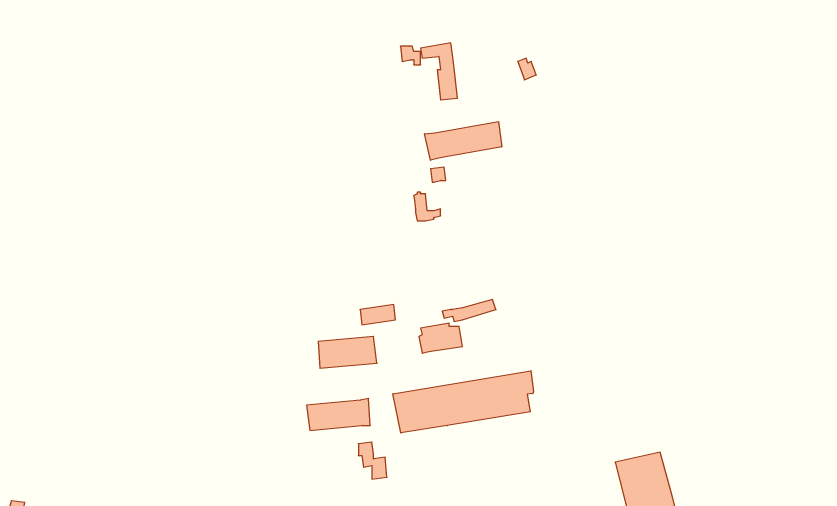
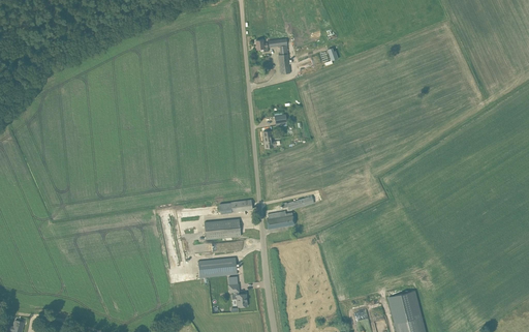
building: [425,122,502,160] -> none
building: [393,371,534,433] -> none

